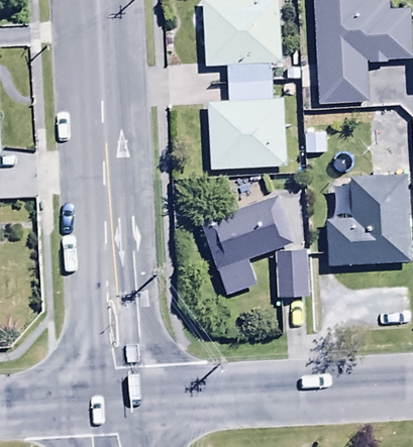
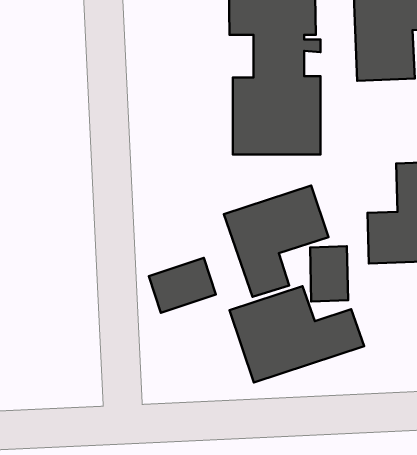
building: none -> [149,258,216,313]
building: none -> [230,286,364,383]

